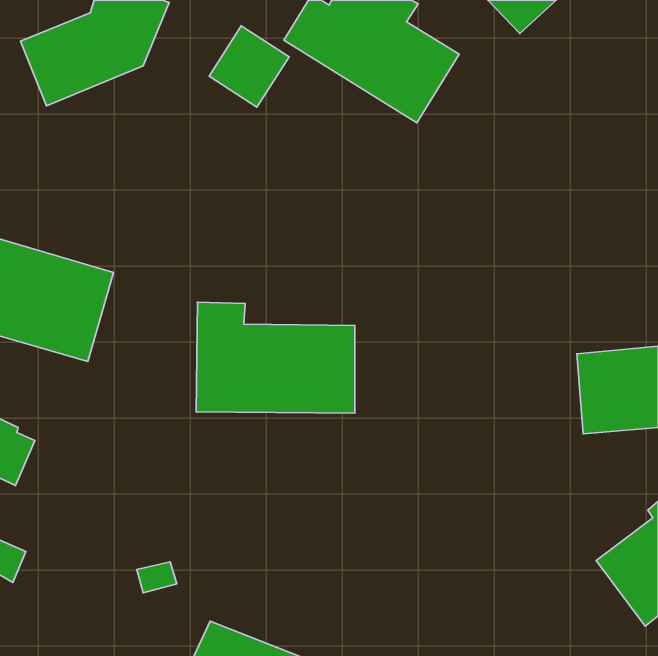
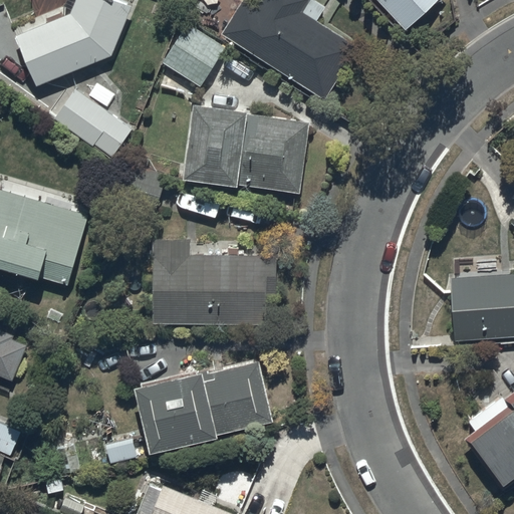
building: none -> [54,88,132,159]
building: none -> [184,105,309,192]
building: none -> [137,360,274,451]

